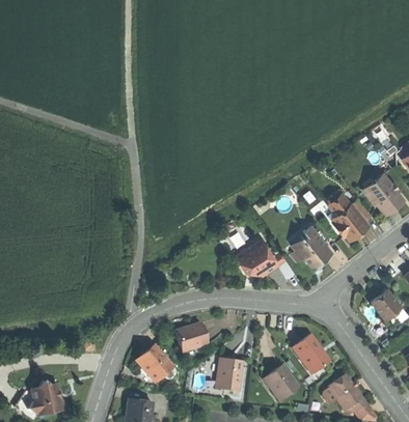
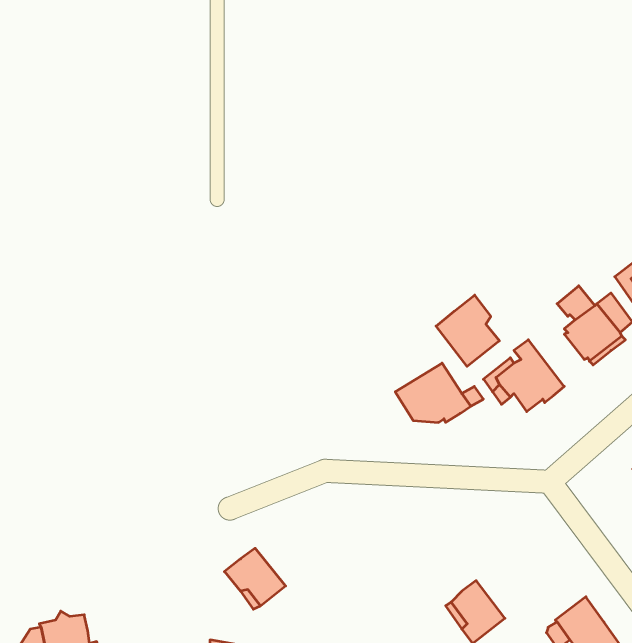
building: none -> [436,295,499,366]
building: [176,321,209,351] -> none
building: [293,335,330,373] -> none
building: [216,359,243,391] -> none

